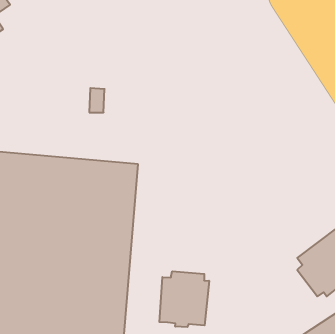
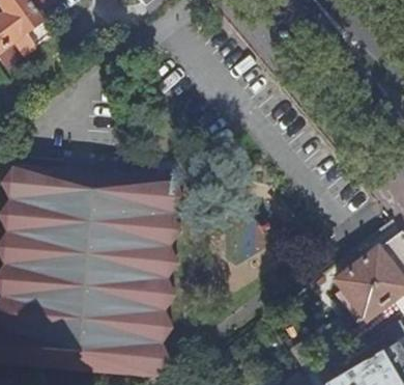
building: [159,271,209,327] -> none

